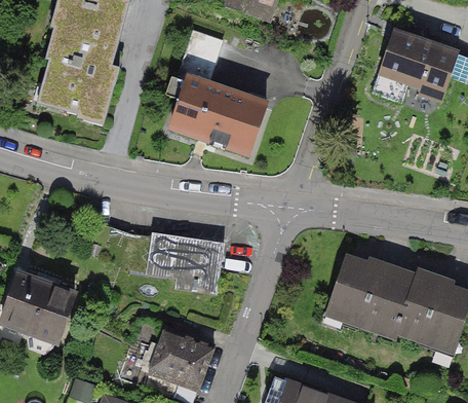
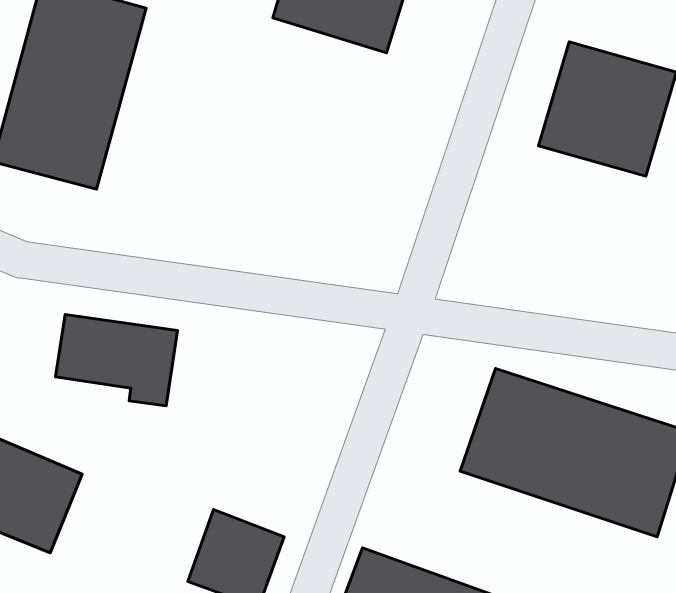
building: [168,29,266,151] -> none
building: [147,231,225,290] -> [56,314,177,406]

